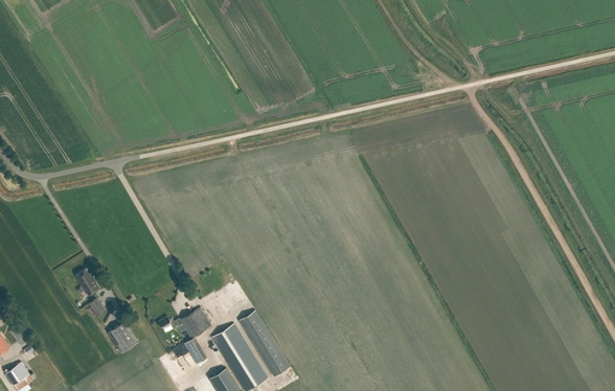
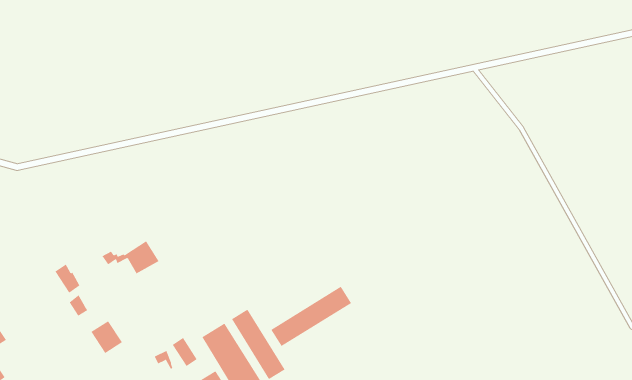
building: none -> [271,286,352,347]
building: [158,307,212,338] -> [101,241,159,274]

